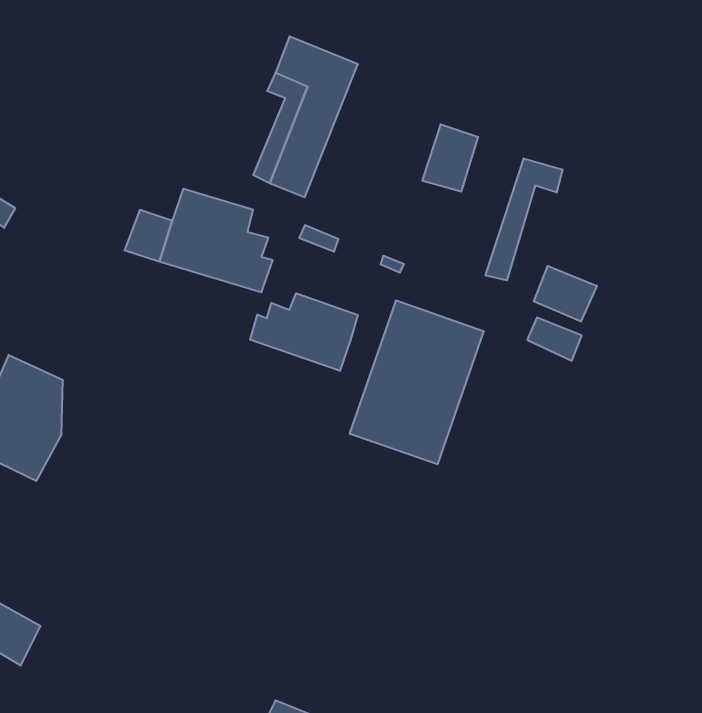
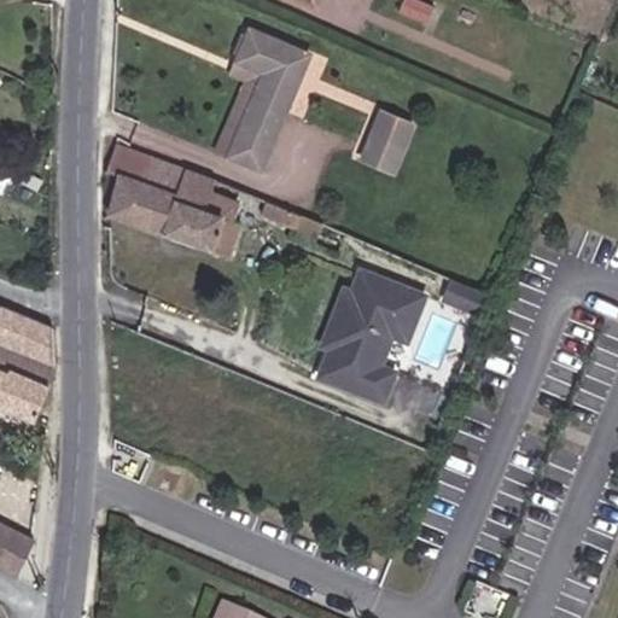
building: [486,158,563,280] -> none
building: none -> [107,151,158,192]
building: [534,266,597,322] -> none
building: [250,293,358,371] -> none

